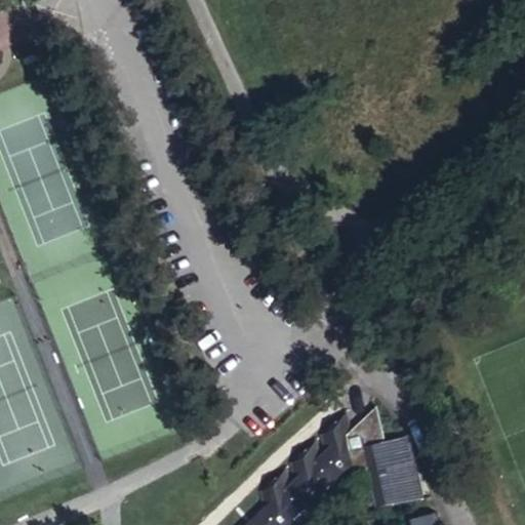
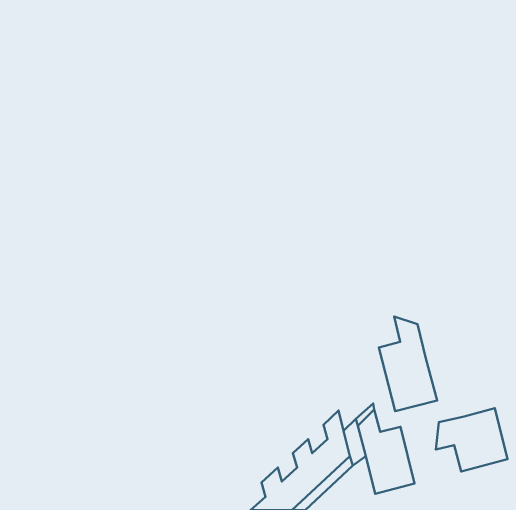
building: none -> [379,317,437,411]
building: none -> [436,408,508,471]

